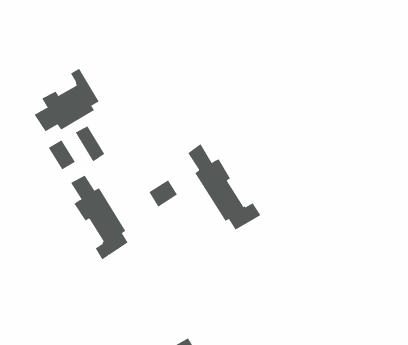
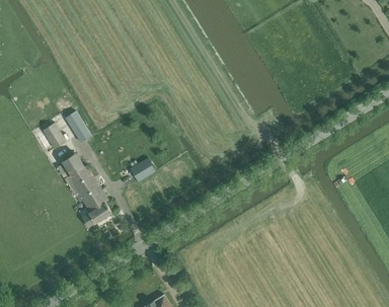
building: [34,68,99,132] -> none
building: [188,143,261,231] -> none

